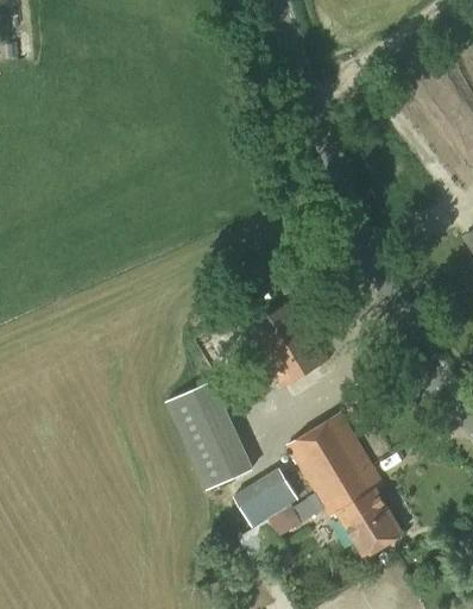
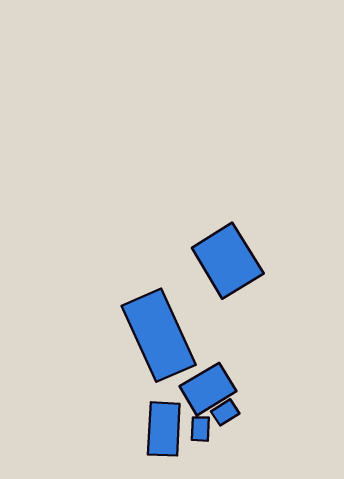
building: [286,414,401,557] -> none
building: none -> [148,402,179,456]

